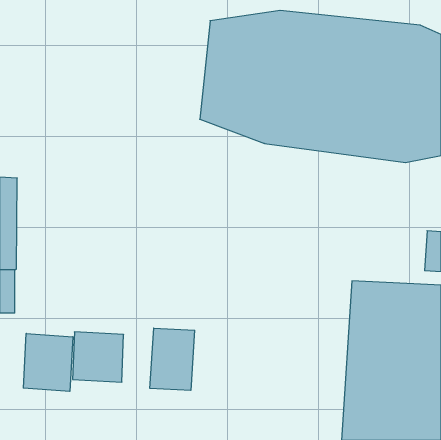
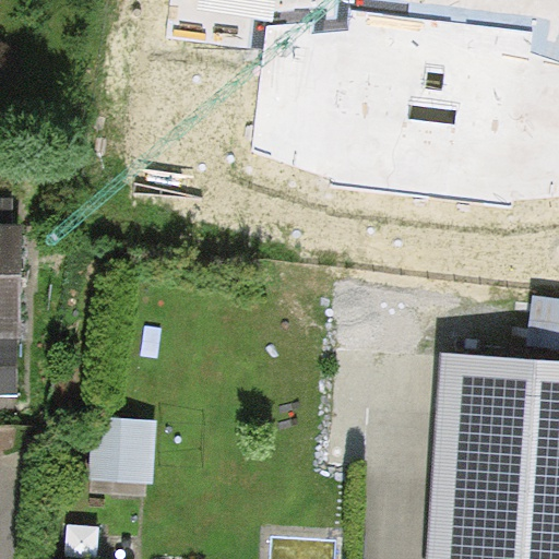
building: [150,328,195,390] -> none
building: [23,333,73,391] -> none

